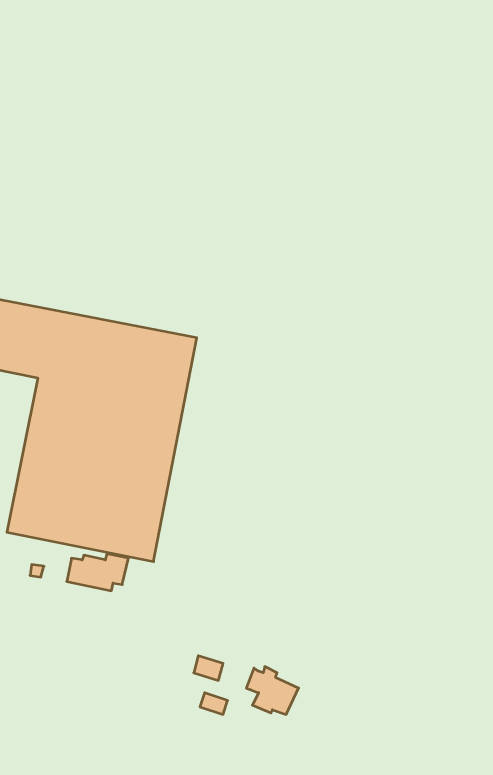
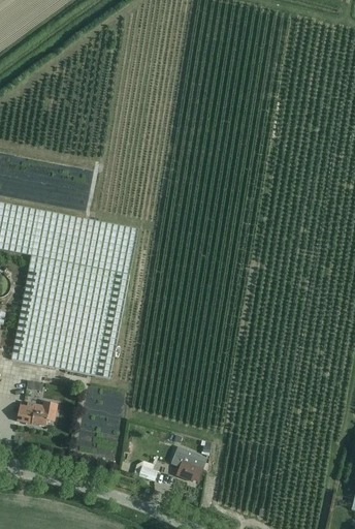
building: [67,554,128,591] -> [15,401,57,426]

